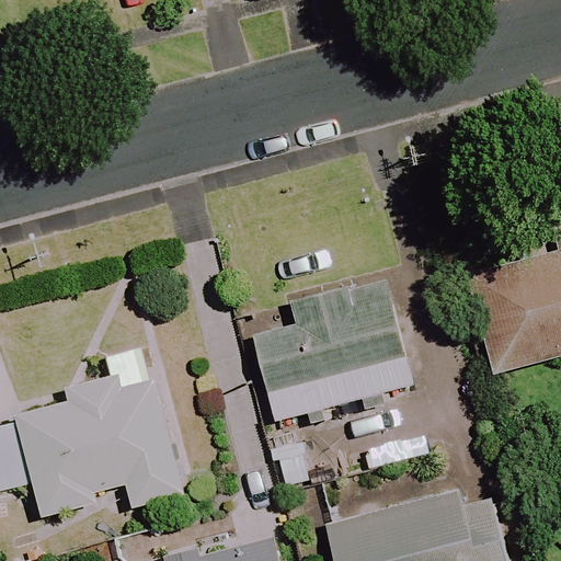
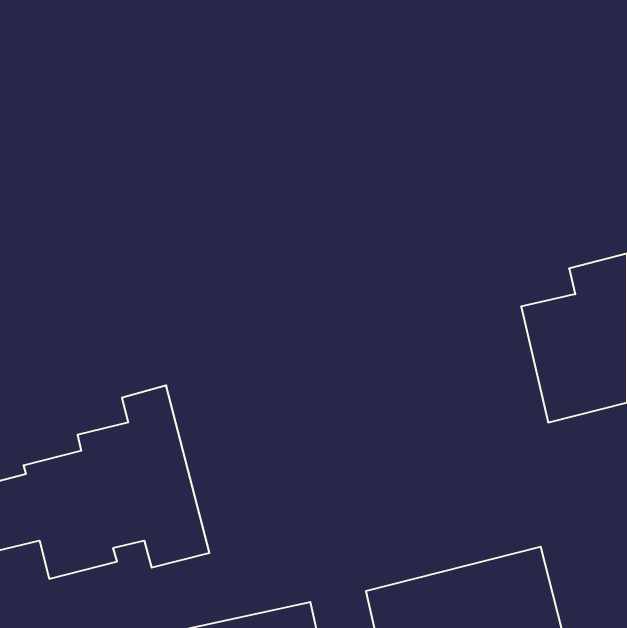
building: [254,272,415,421] -> none

